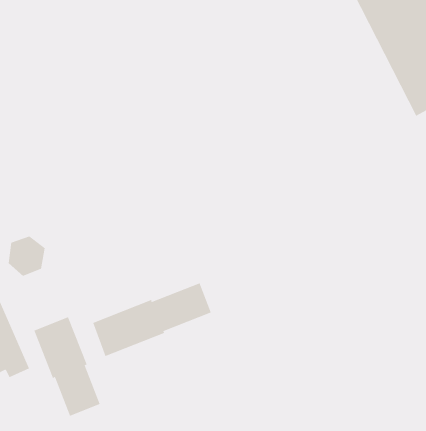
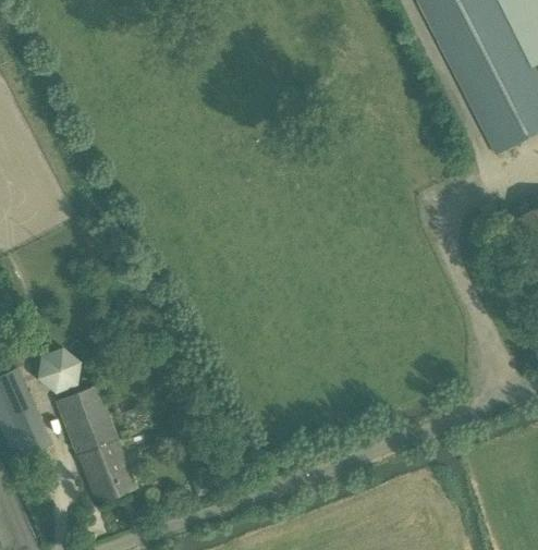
building: [8,236,45,276] -> [36,349,80,395]
building: [92,282,212,357] -> none

